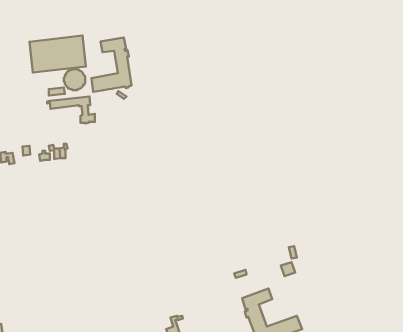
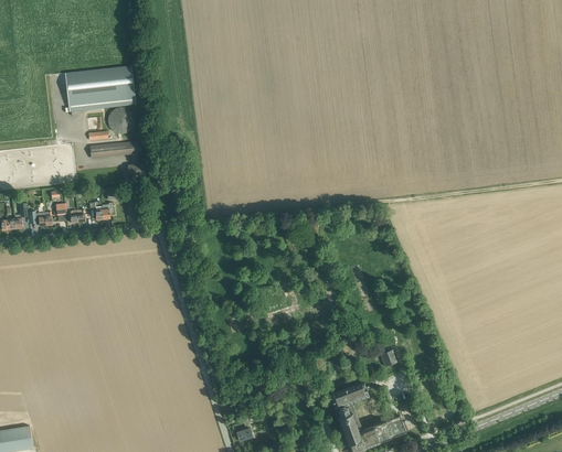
building: [92,38,131,92] -> none

